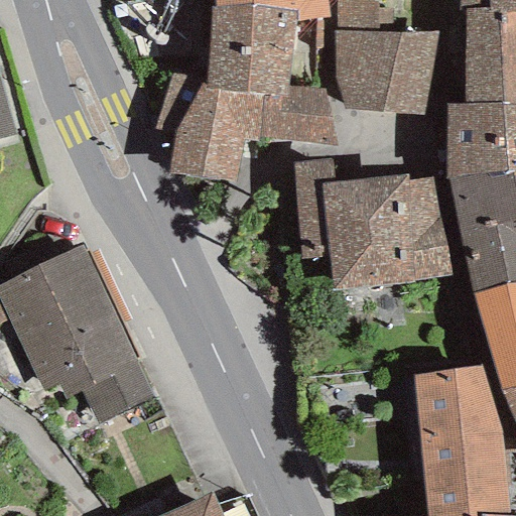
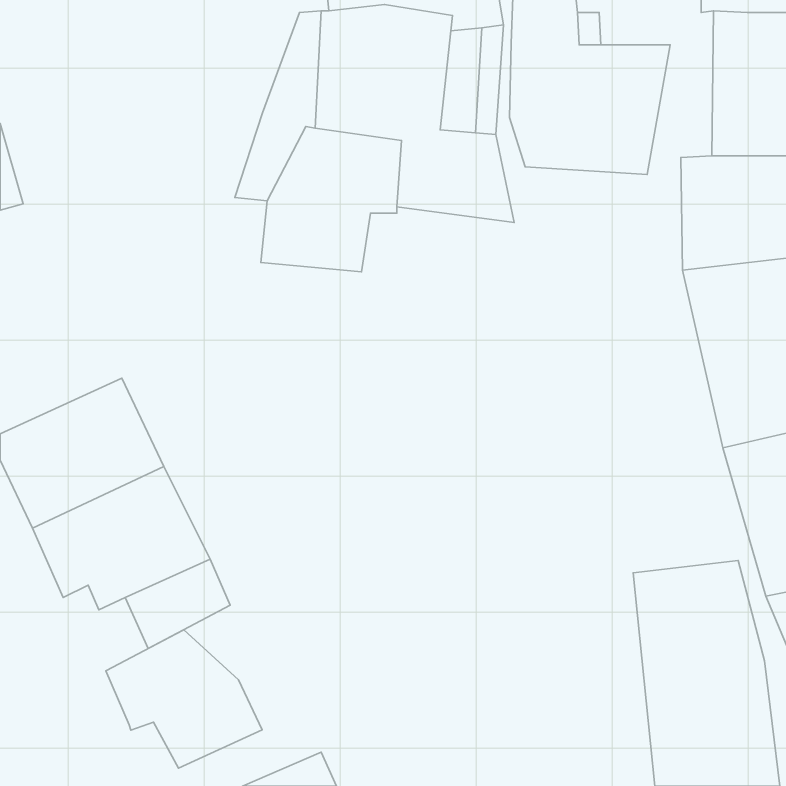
building: [294,159,453,289] -> none
building: none -> [106,630,262,768]

